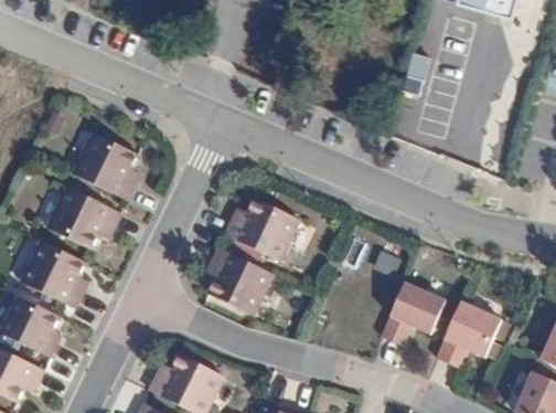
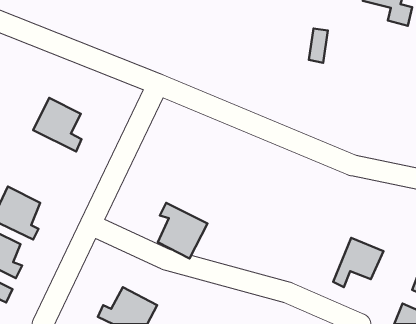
building: [43,184,111,243] -> none
building: [238,209,308,266] -> none
building: [381,286,446,348] -> none

